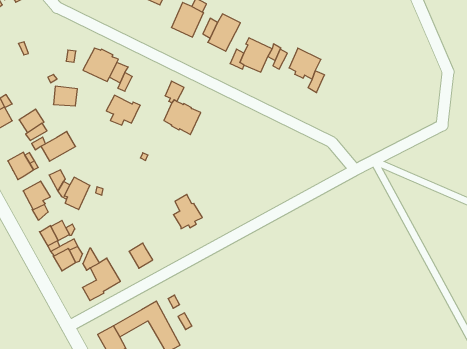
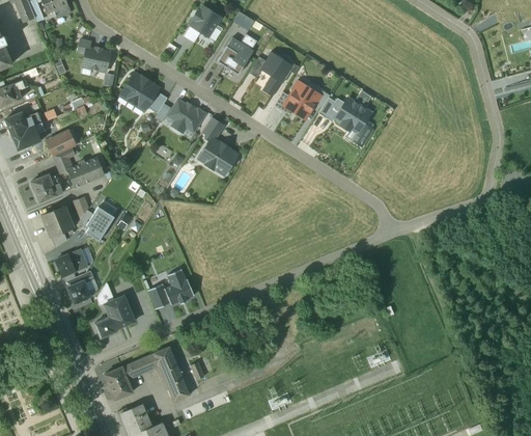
building: [53,86,77,106] -> [83,48,110,71]
building: [106,95,140,125] -> [169,100,205,132]
building: [173,194,202,229] -> [165,269,195,304]

